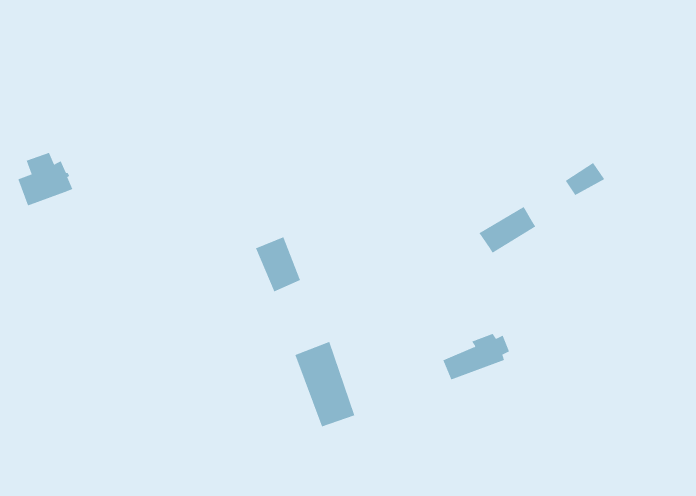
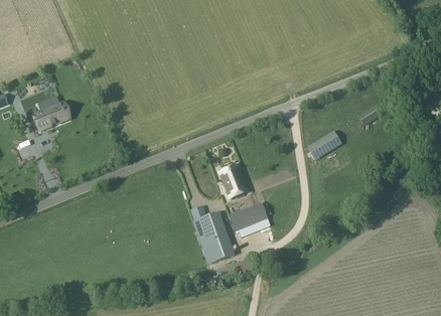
building: [255,236,301,292] -> [218,164,246,197]
building: [442,333,510,380] -> [230,202,270,230]

